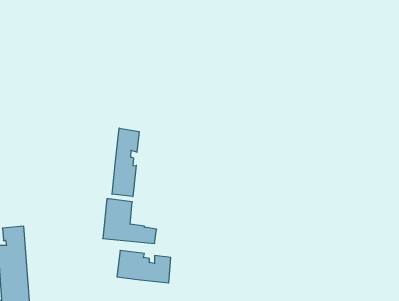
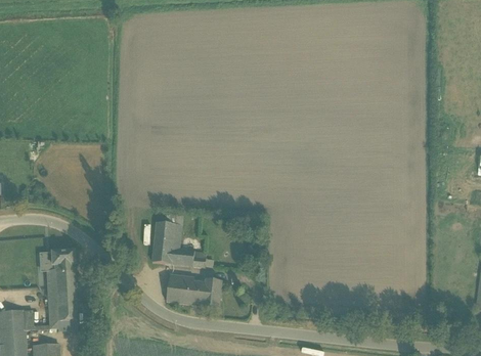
building: [112,128,139,197] -> none

